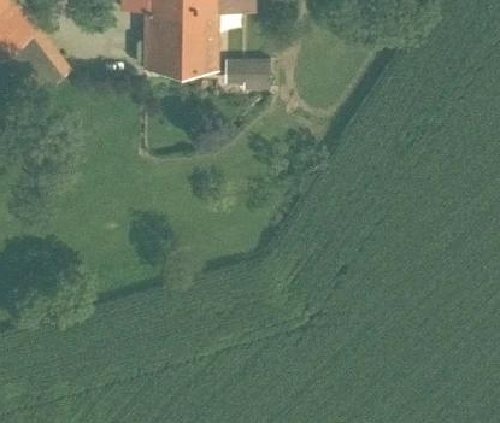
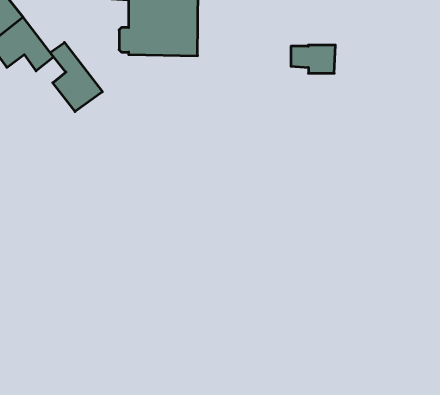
building: none -> [50,42,102,112]
building: [225,61,271,90] -> [291,45,335,73]

